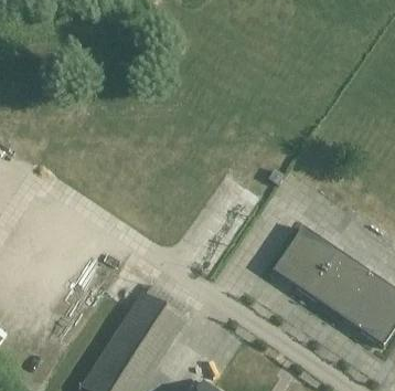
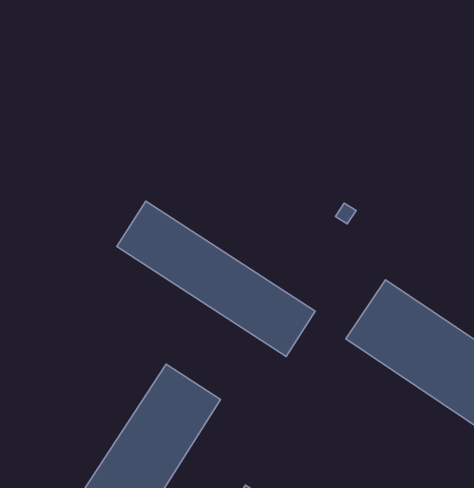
building: none -> [117,201,315,356]

